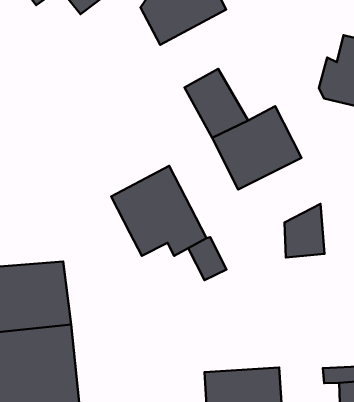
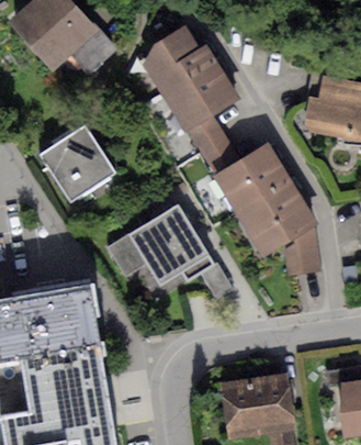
building: none -> [162,60,241,132]
building: none -> [41,124,115,200]
building: none -> [240,187,317,257]
building: none -> [106,233,147,278]

